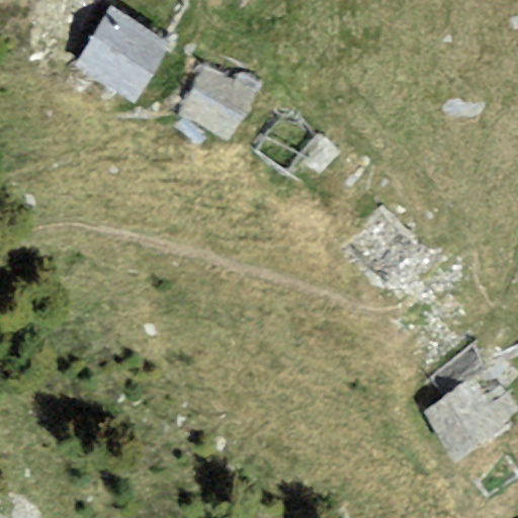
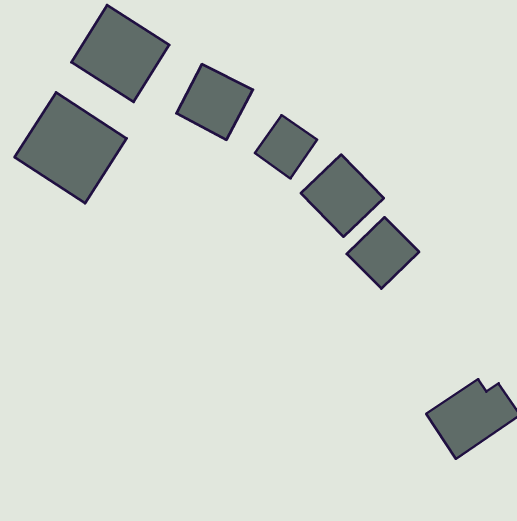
building: none -> [15,92,127,203]
building: none -> [301,155,384,237]

